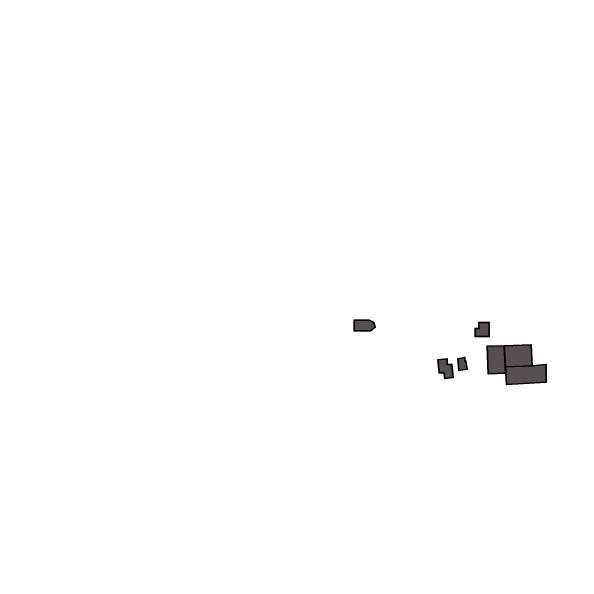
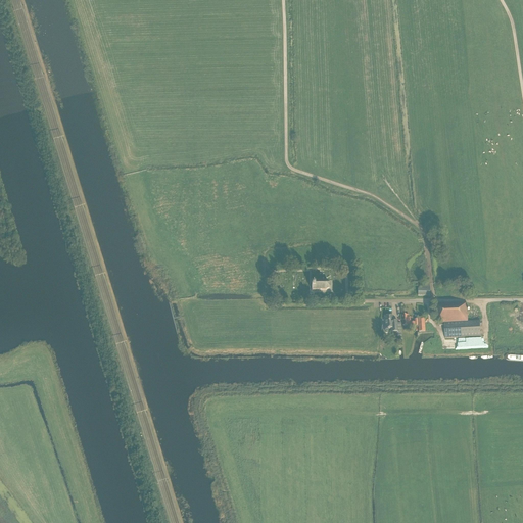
building: [487,346,506,374] -> none

